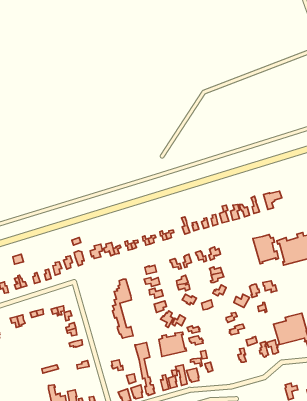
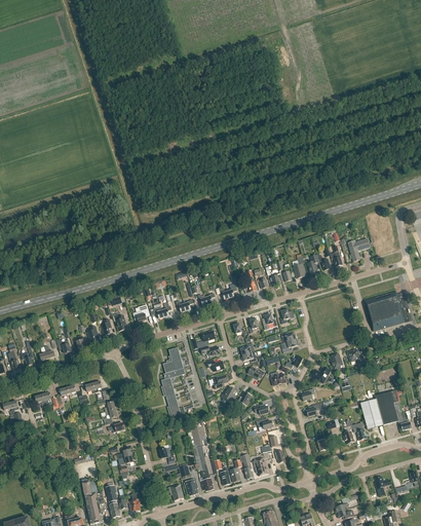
building: [253,234,278,264] -> none
building: [159,332,187,357] -> none

